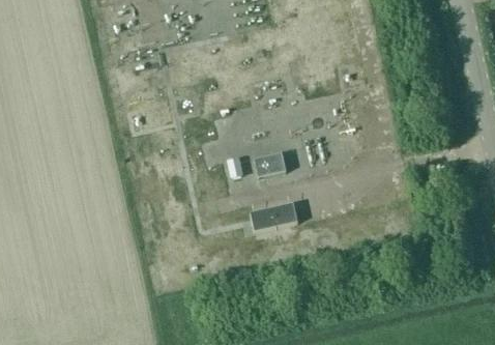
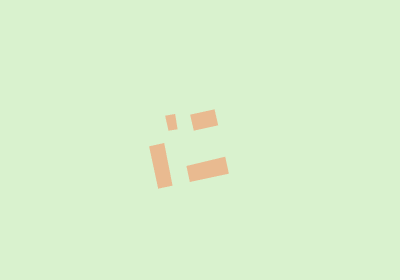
building: none -> [148,142,173,189]

